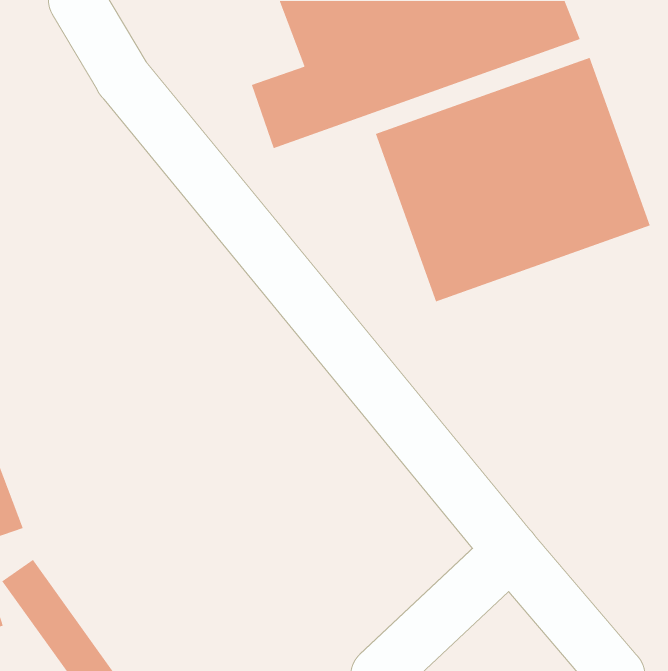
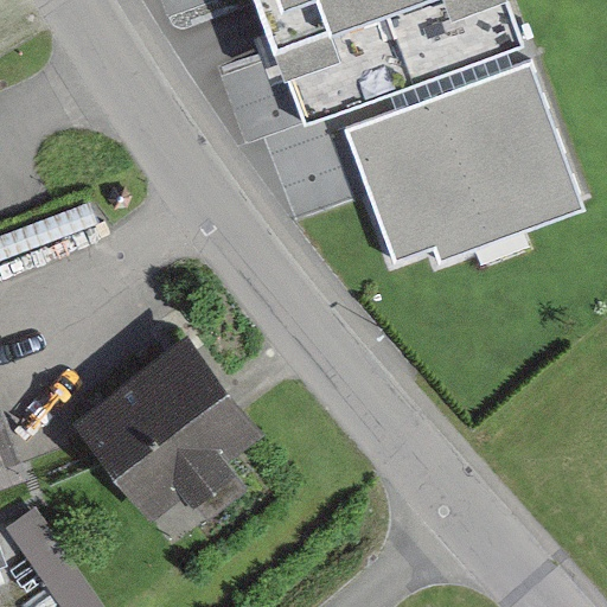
building: none -> [74,330,257,518]

